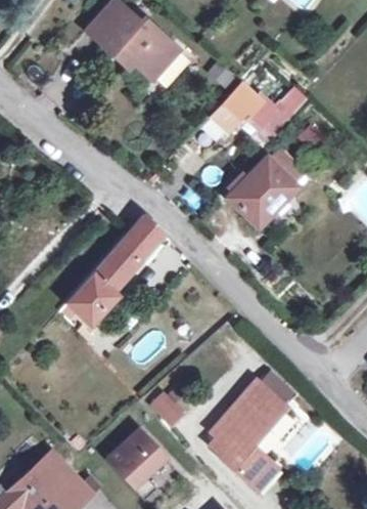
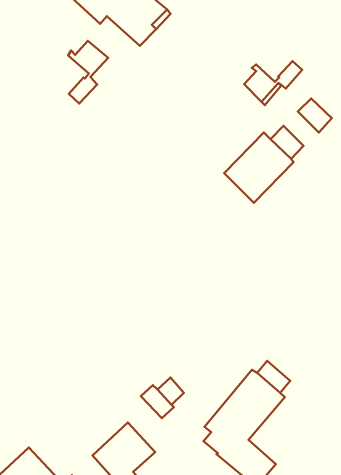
building: none -> [68,41,108,104]
building: [211,85,260,130] -> none
building: [66,215,164,327] -> none

